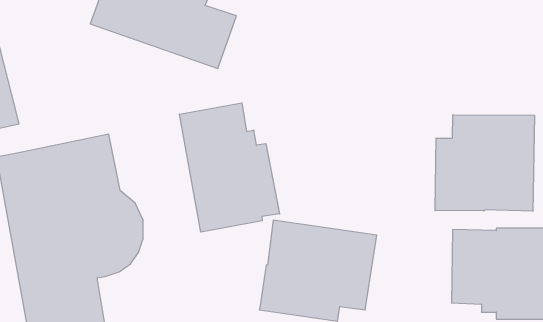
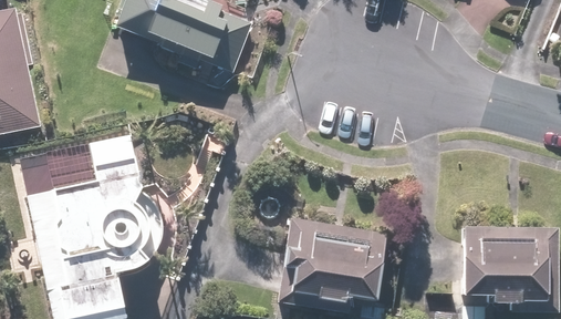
building: [179,103,280,232] -> none
building: [435,115,534,211] -> none

